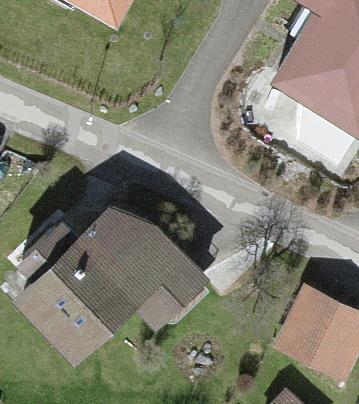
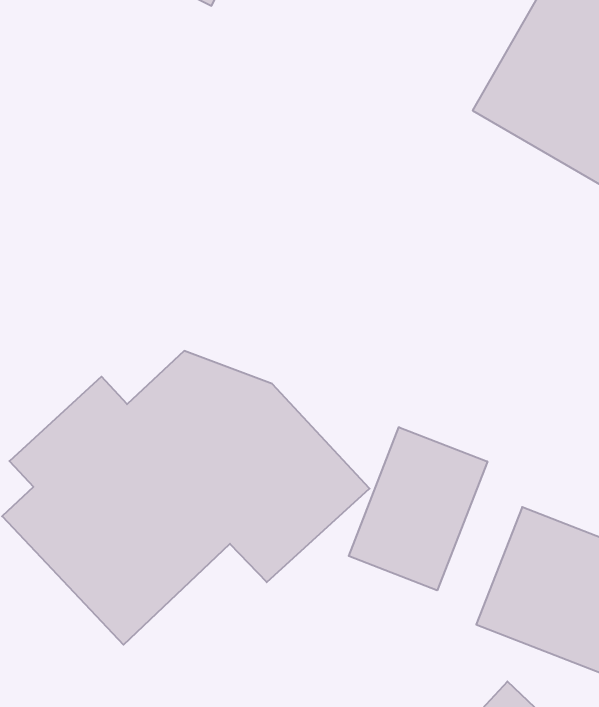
building: none -> [349,427,487,590]

